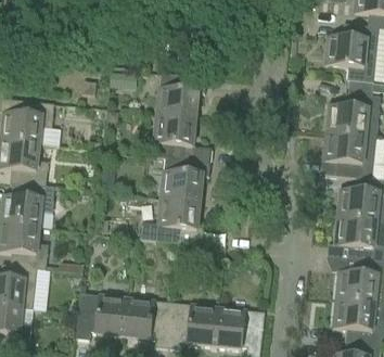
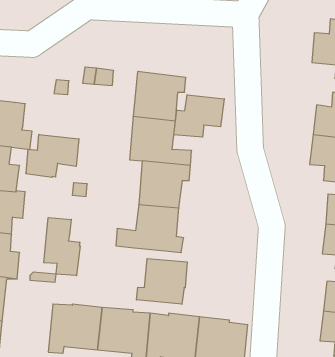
building: none -> [174,95,224,137]
building: none -> [26,134,79,177]
building: none -> [44,218,80,276]
building: none -> [136,259,187,304]

